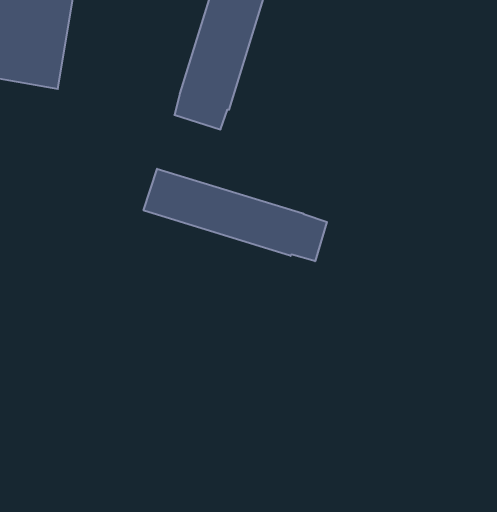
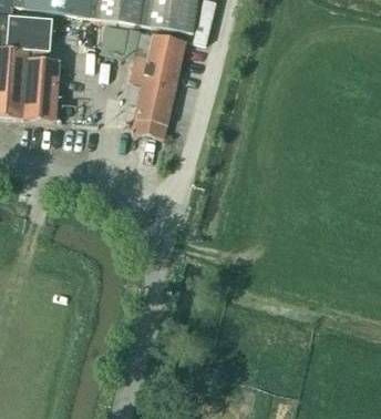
building: [144,169,327,261] -> none

